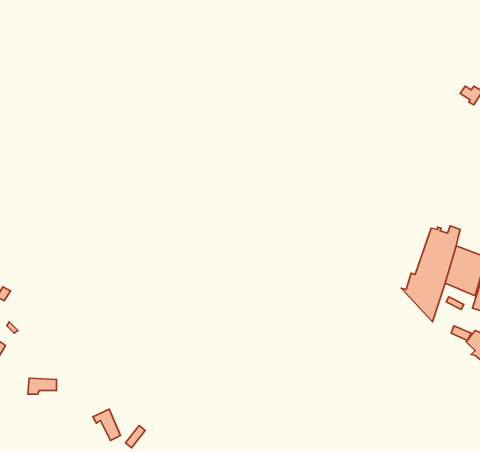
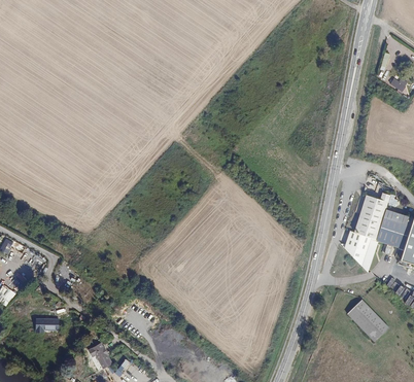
building: none -> [347,300,388,341]

